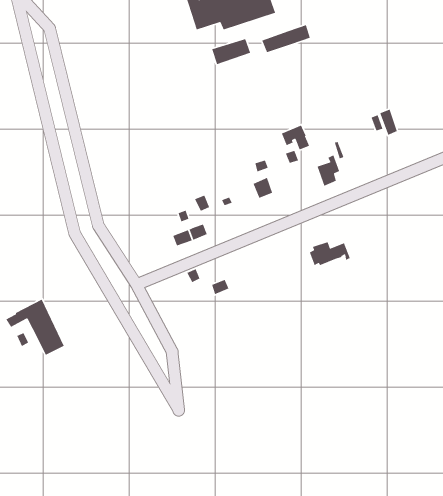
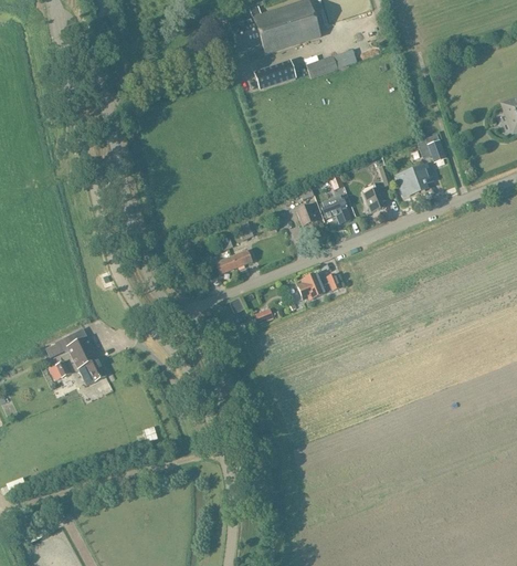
building: [281,124,310,150] -> [319,196,349,222]
building: none -> [395,165,430,191]
building: [309,241,351,266] -> [296,274,339,300]

